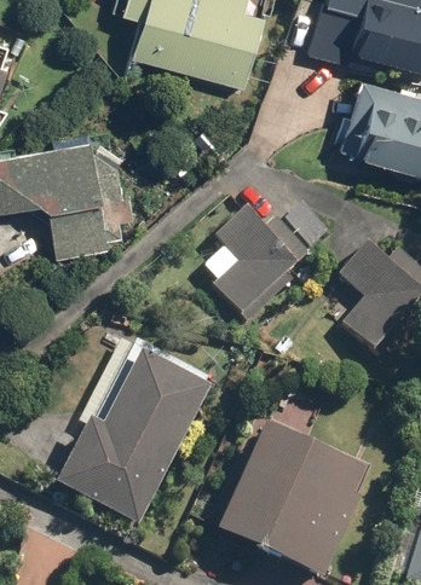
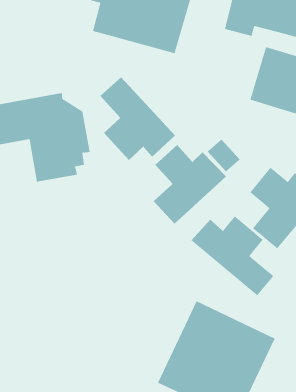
building: none -> [99,76,176,161]
building: none -> [191,215,274,296]
building: [56,351,213,527] -> none

